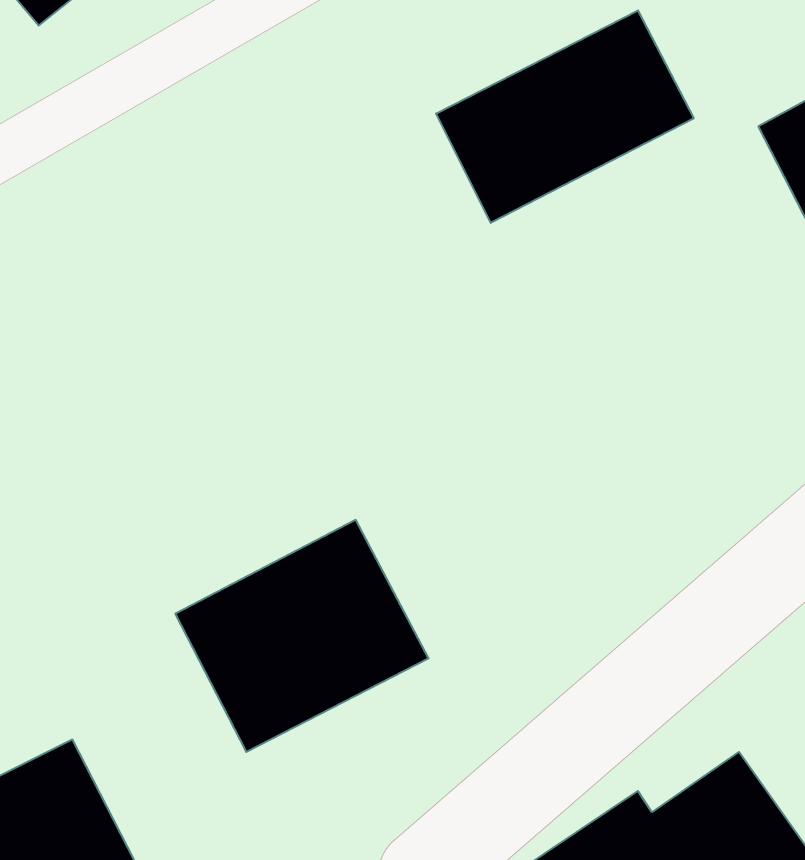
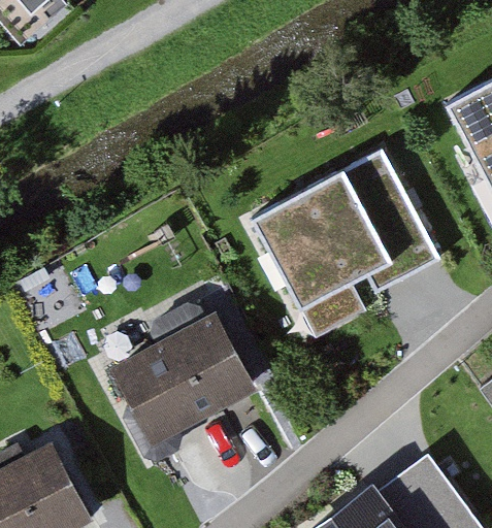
building: [436,10,694,223] -> none
building: none -> [276,170,424,304]

